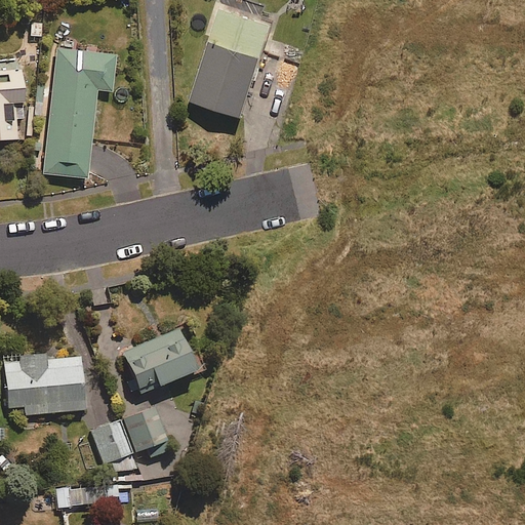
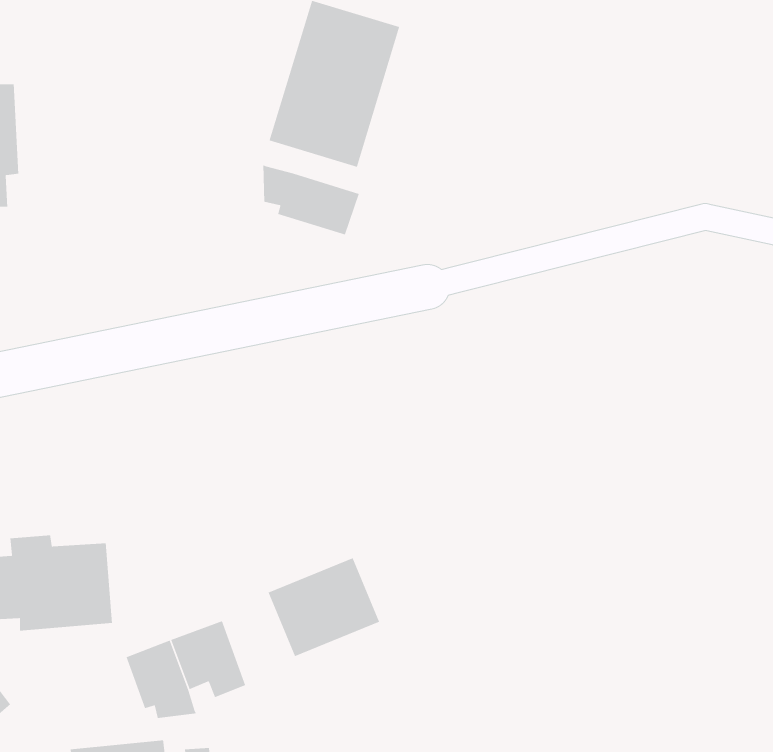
building: [43,49,115,178] -> none
building: none -> [263,164,360,235]
building: [122,329,195,394] -> [267,557,380,657]

